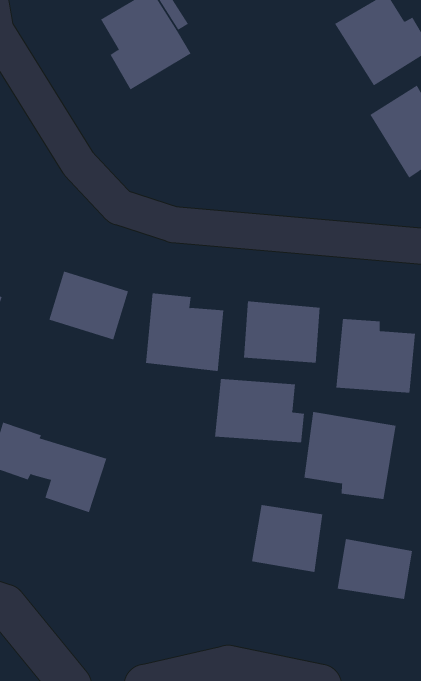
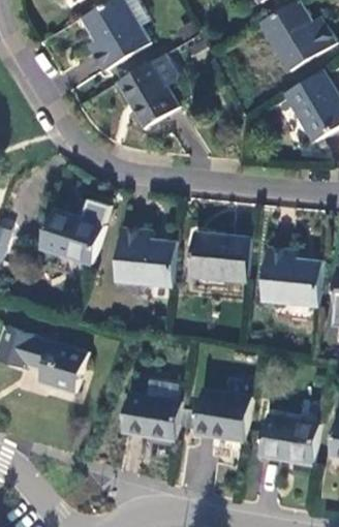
building: none -> [118,55,177,127]
building: [214,378,305,443] -> none
building: [304,411,396,500] -> none
building: none -> [124,392,181,438]

